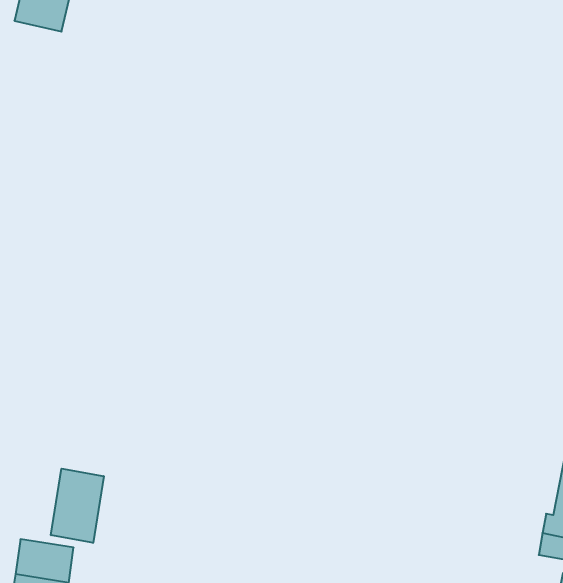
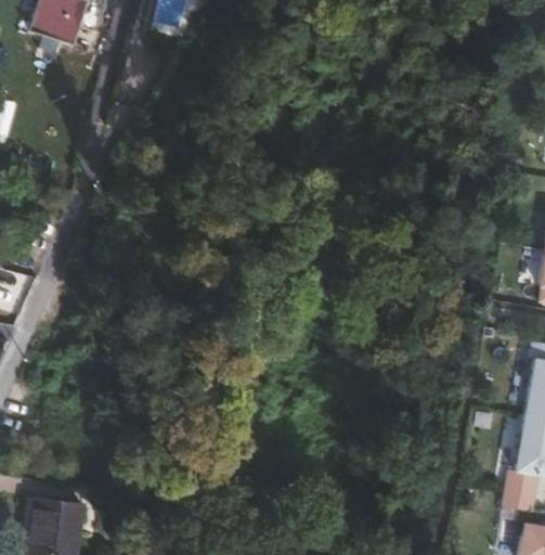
building: [51,469,104,543] -> none

